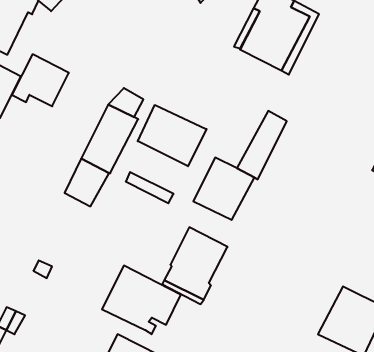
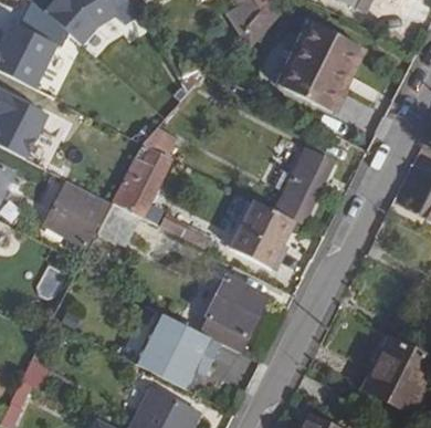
building: [12,54,69,106] -> [45,179,106,234]
building: [138,105,207,166] -> none

